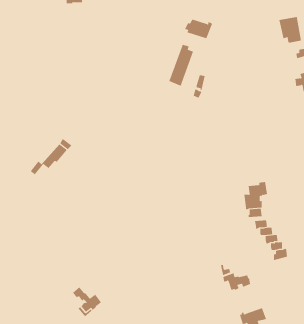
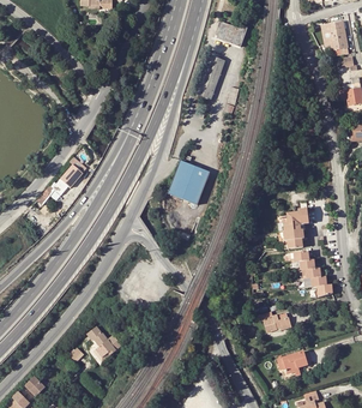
building: none -> [168,161,210,204]

